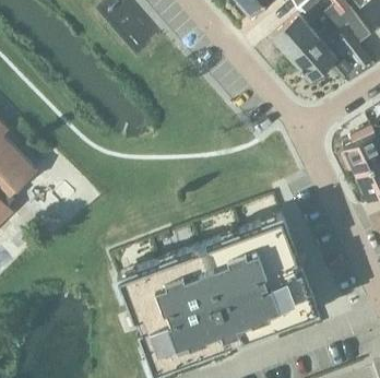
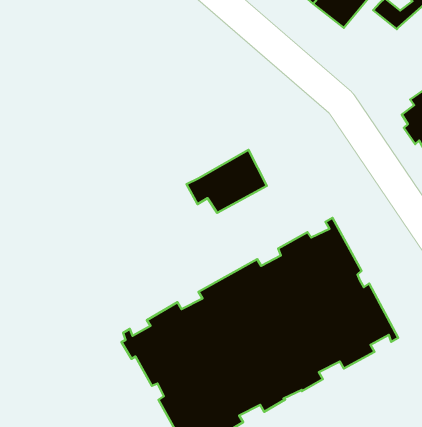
building: none -> [186,150,267,213]

